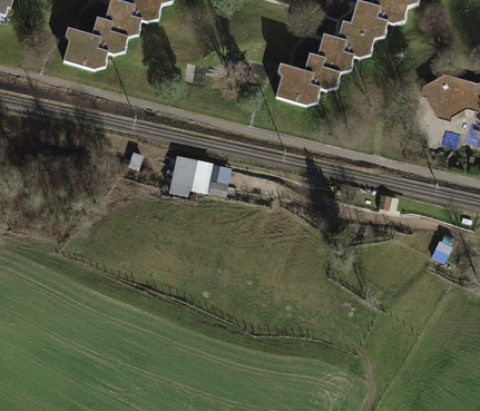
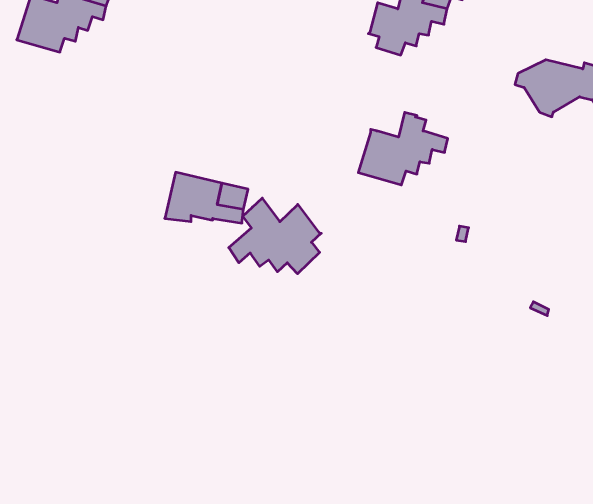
building: [275,52,340,105] -> [358,112,448,185]
building: none -> [229,198,321,274]

